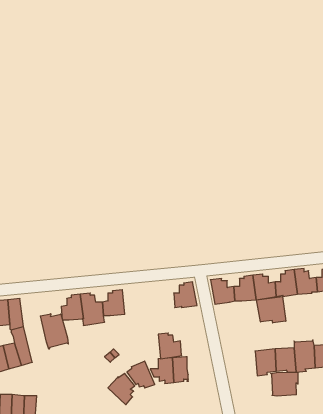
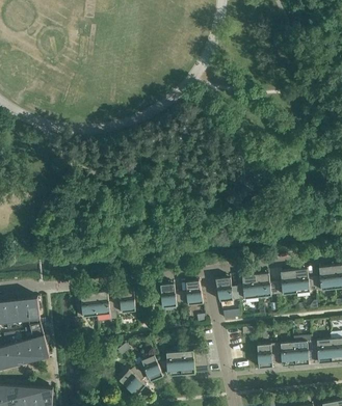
building: [256,297,286,323] -> none
building: [40,314,68,349] -> none
building: [158,333,182,359] -> [160,283,182,307]
building: [271,372,298,396] -> none

